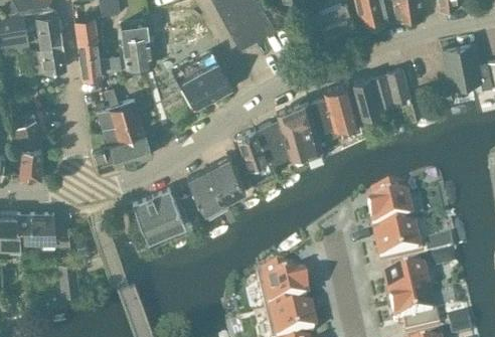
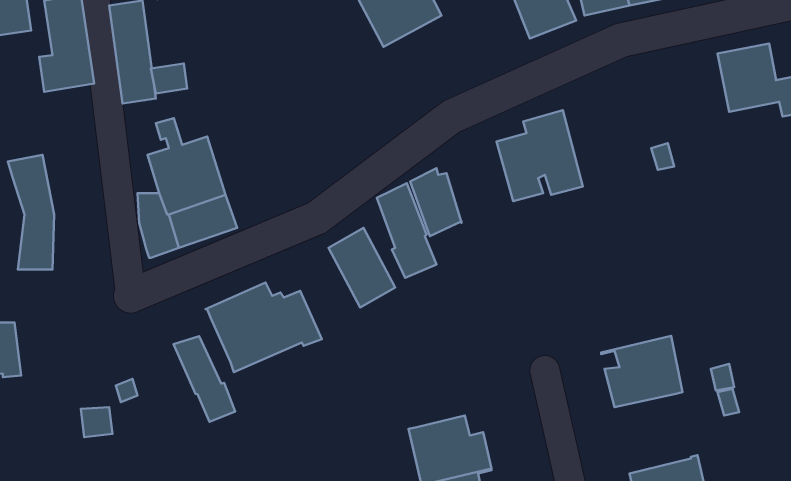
building: [120,23,152,70] -> none
building: [171,51,231,111] -> none
building: [353,70,409,115] -> none
building: [276,102,323,165] -> none
building: [186,169,226,215] -> none
building: [367,189,424,232] -> none
building: [17,214,57,239] -> none
building: none -> [173,336,235,422]
building: [384,264,427,306] -> none

